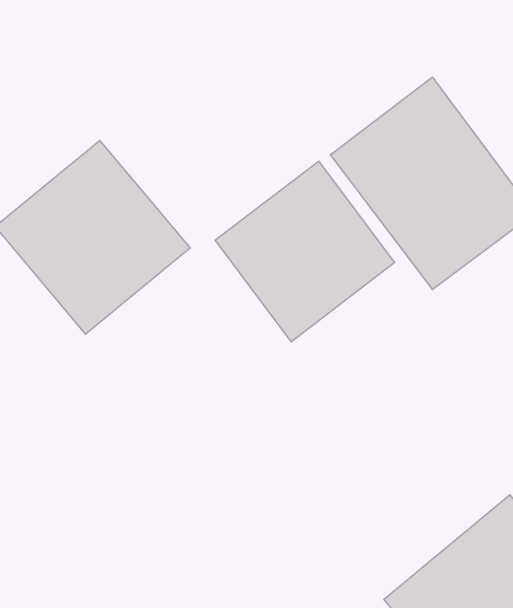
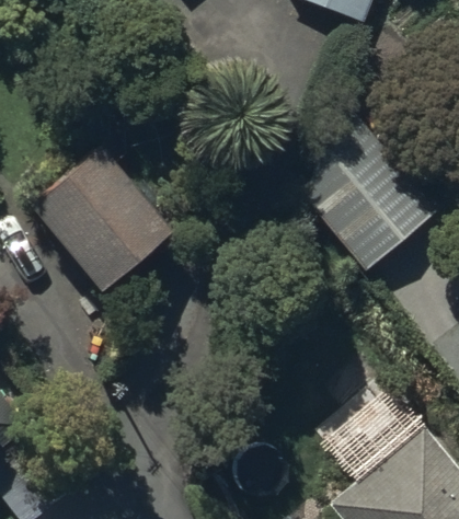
building: [215,161,395,342] -> none

